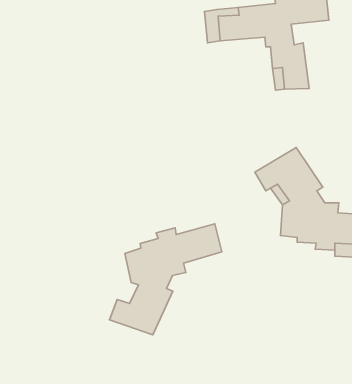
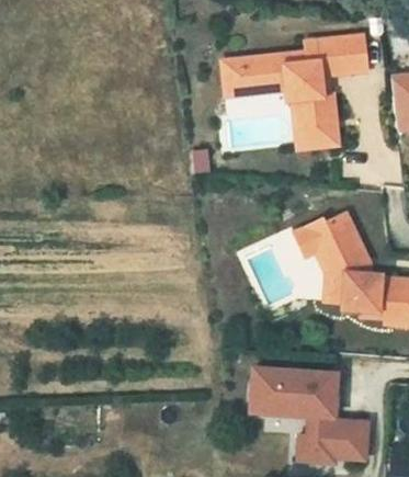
building: [109,224,222,335] -> none
building: none -> [250,365,366,457]

